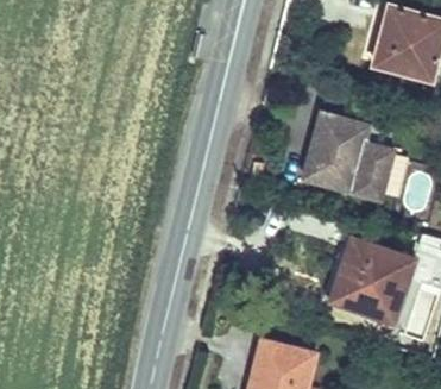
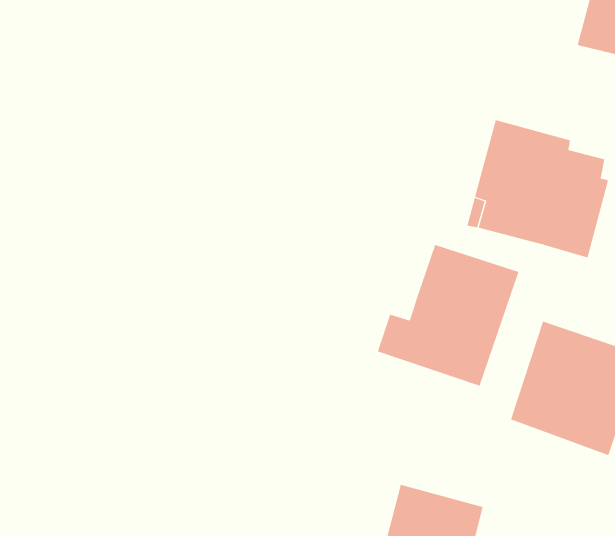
building: none -> [377,244,519,387]

